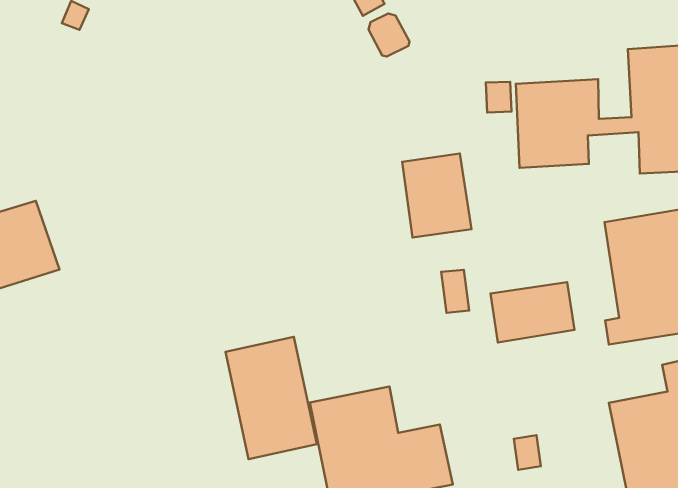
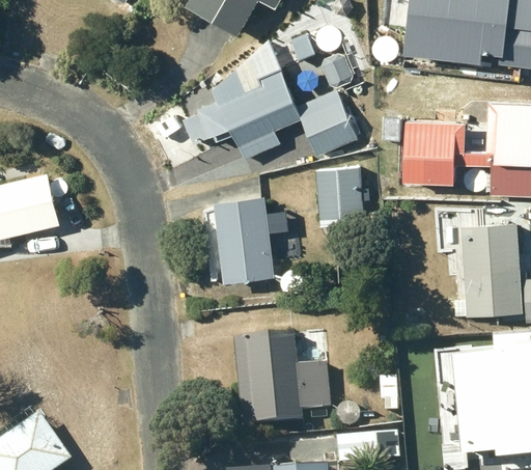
building: none -> [181,57,358,160]
building: [490,282,575,342] -> none
building: [226,337,317,459] -> [213,196,273,282]

